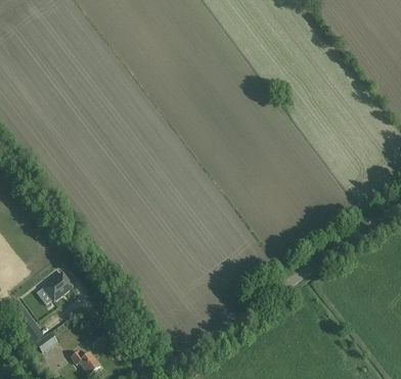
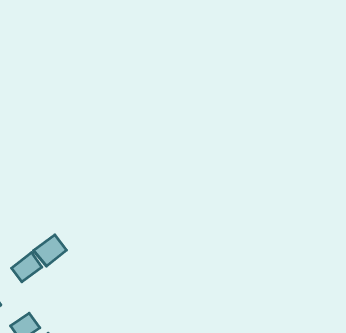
building: none -> [34,235,66,266]

